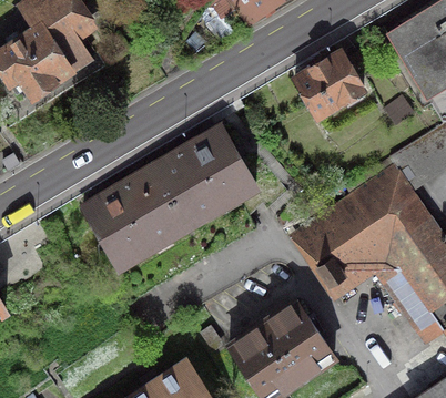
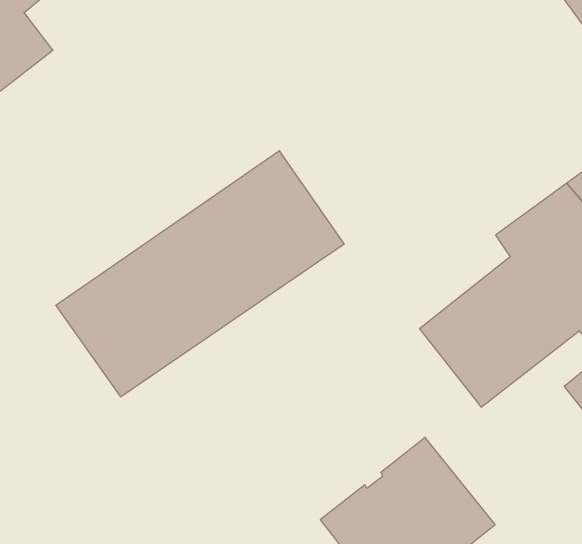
building: [296,51,364,115] -> none

